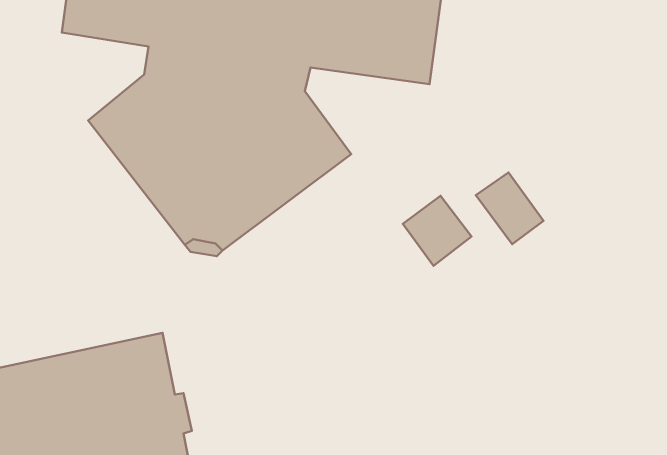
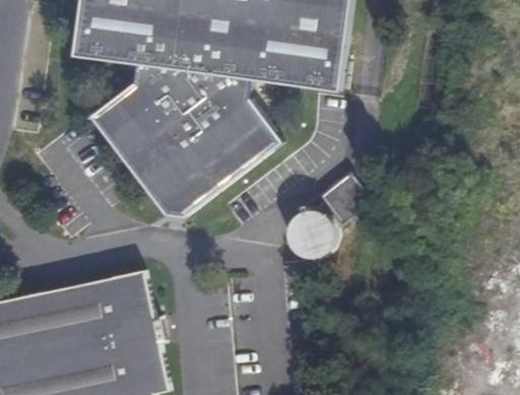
building: [476,173,544,244] -> none
building: none -> [292,213,337,259]

